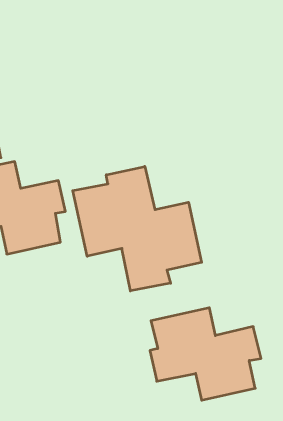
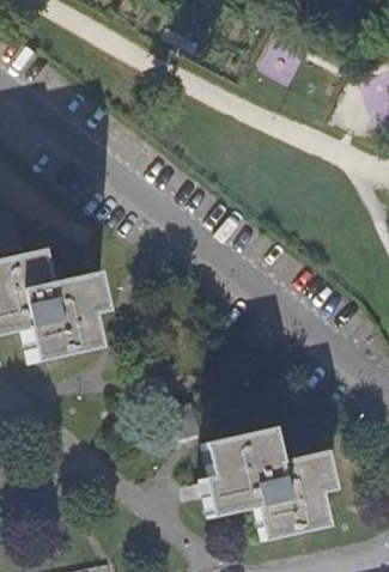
building: [73,166,202,291] -> none

